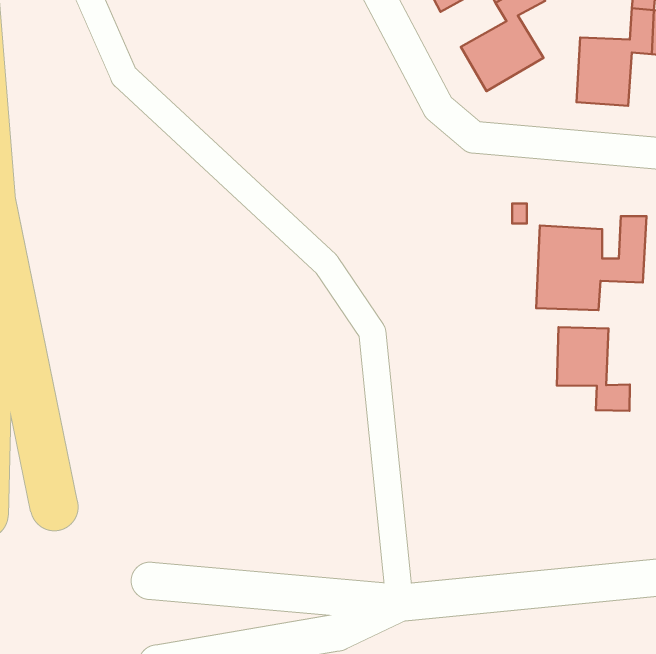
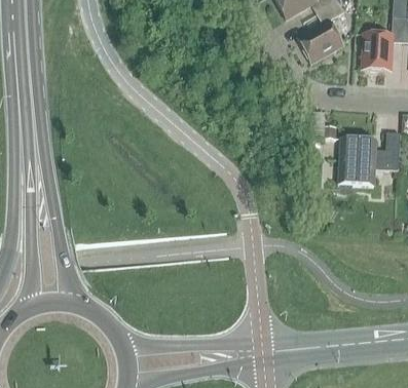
building: [557,327,630,411] -> none

